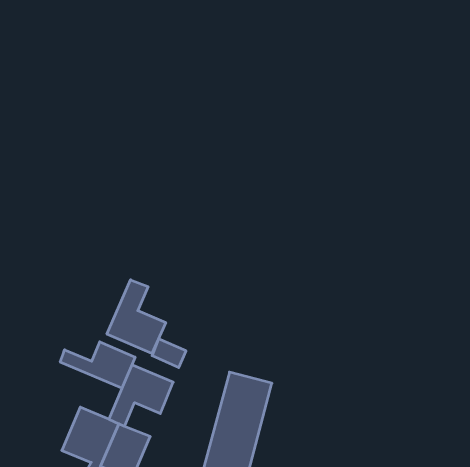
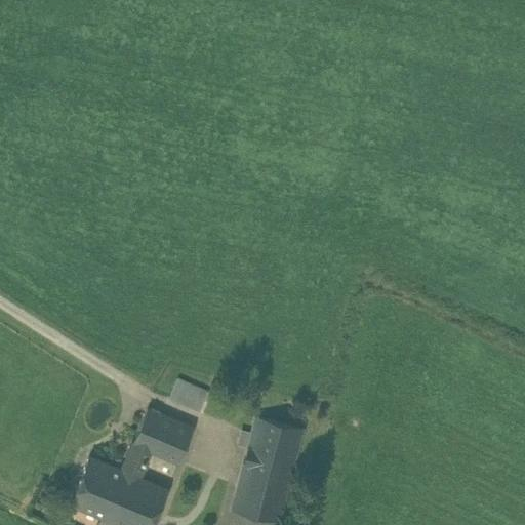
building: [107,280,166,354] -> none
building: [60,342,135,388] -> none

